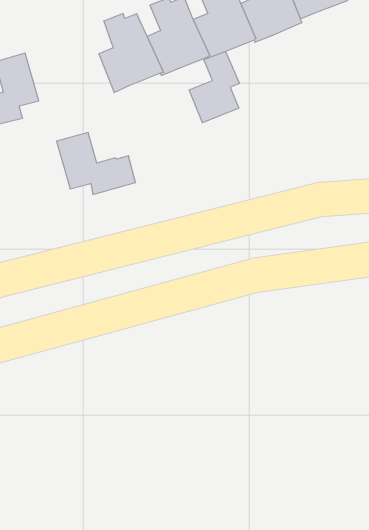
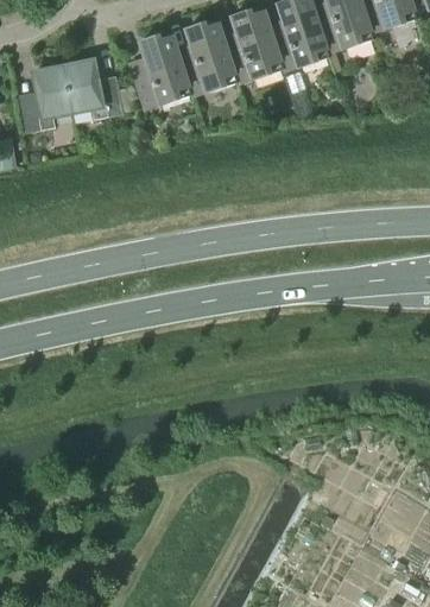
building: [189,51,240,123] -> none
building: [57,133,136,194] -> [63,58,135,118]

